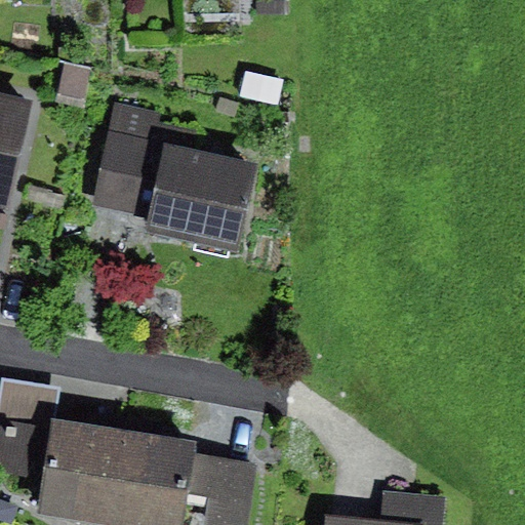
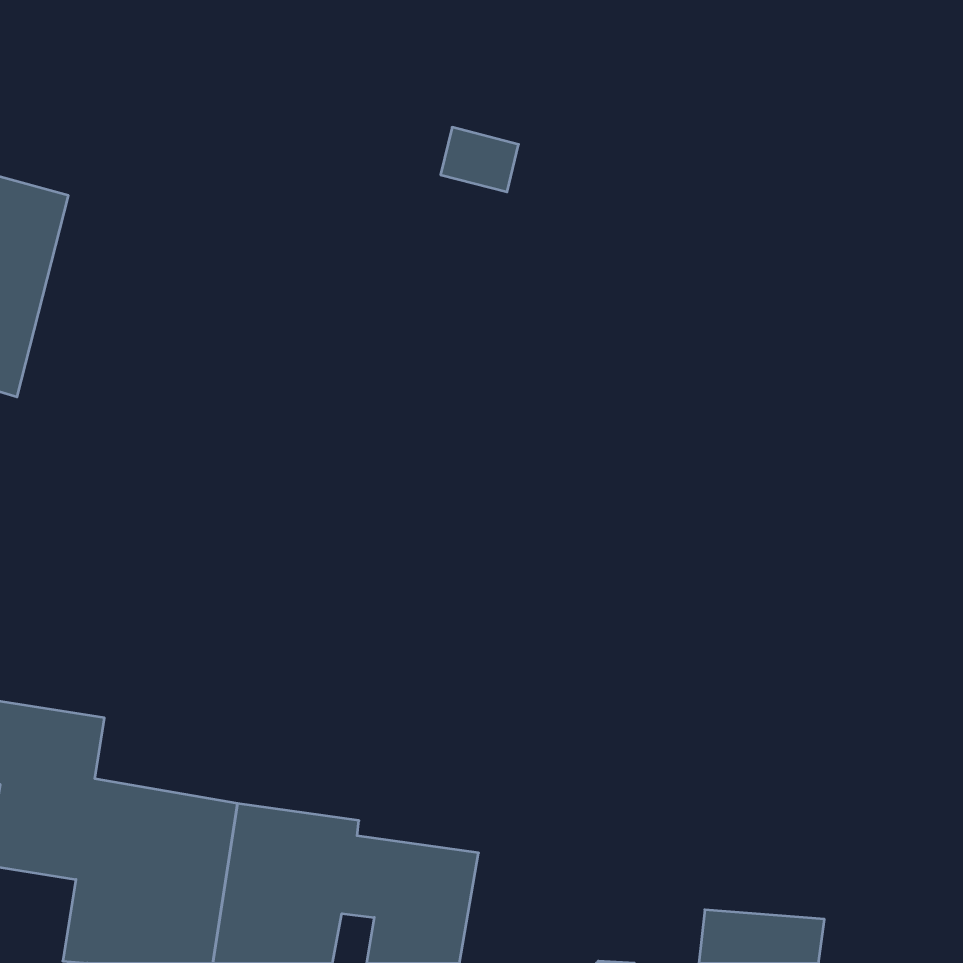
building: [88,98,257,255] -> none

